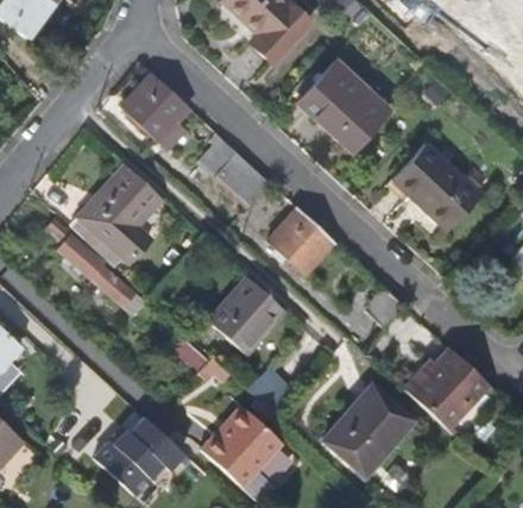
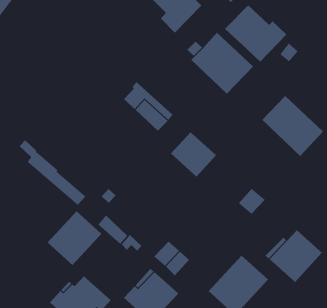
building: none -> [224,5,287,62]
building: [122,73,190,144] -> none
building: [69,163,162,265] -> none
building: [207,280,284,356] -> none
building: none -> [47,210,102,266]

